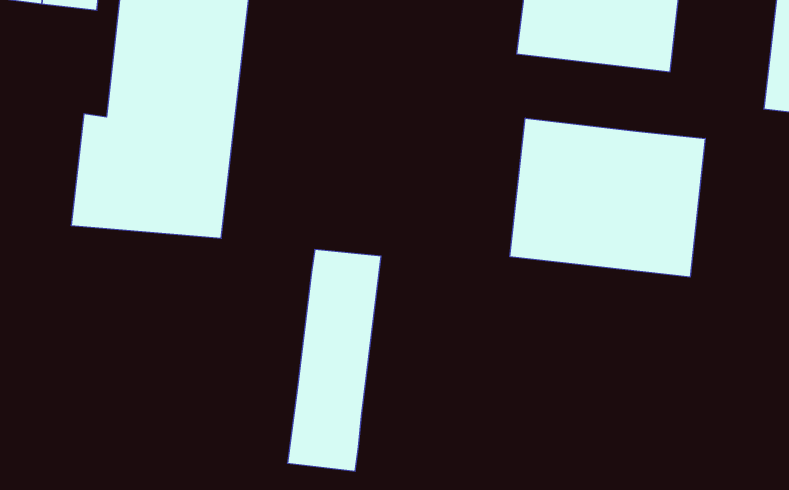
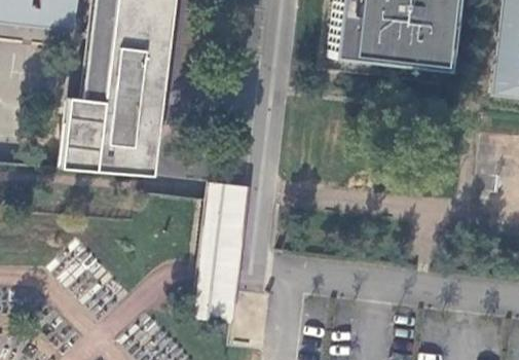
building: [510,118,705,277] -> none

